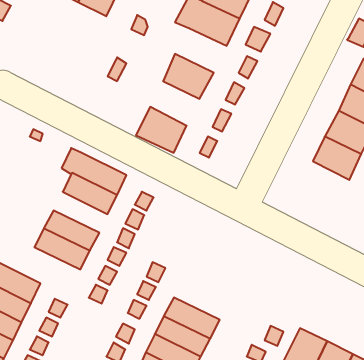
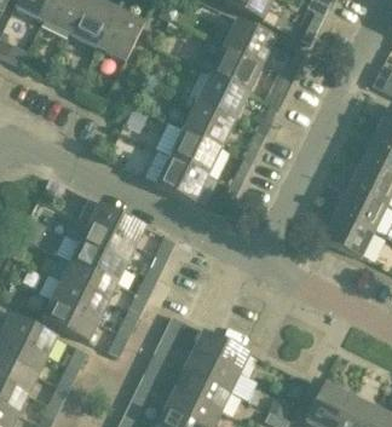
building: none -> [195,73,248,119]
building: none -> [169,127,220,173]
building: none -> [322,209,374,255]
building: none -> [70,241,126,283]
building: none -> [41,298,98,341]
building: none -> [194,329,250,373]

